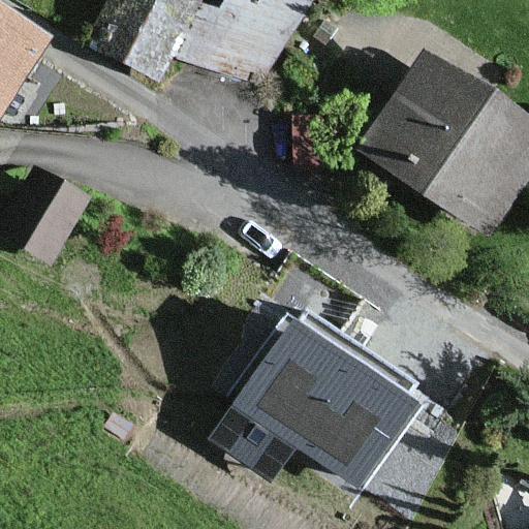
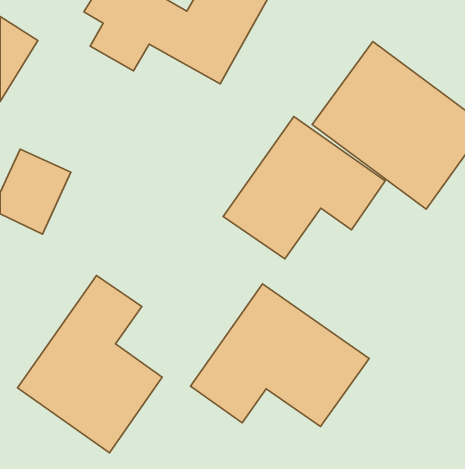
building: none -> [223,117,385,259]
building: none -> [18,275,162,453]

